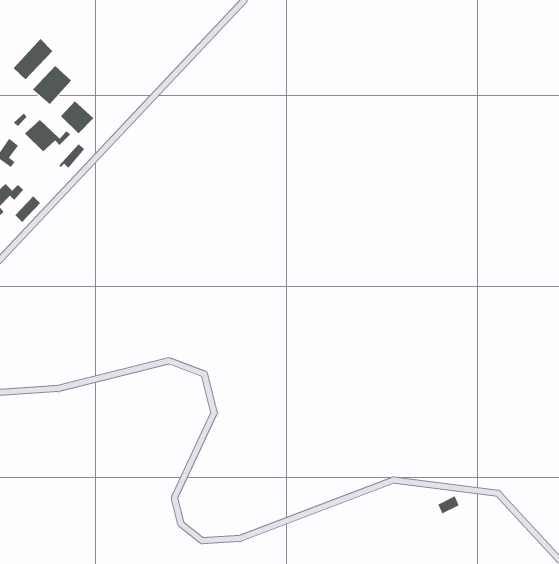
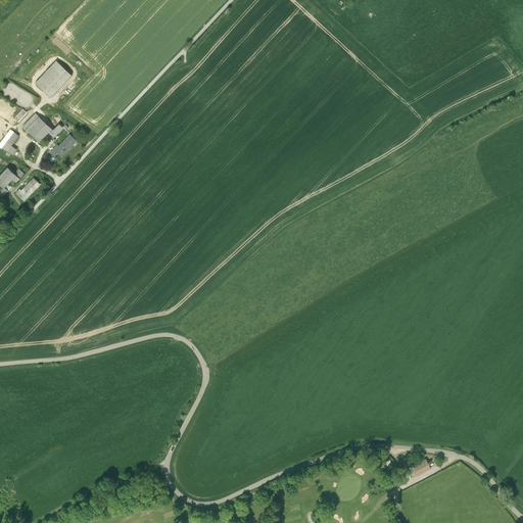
building: [13,38,53,80] -> none
building: [60,101,94,134] -> none

